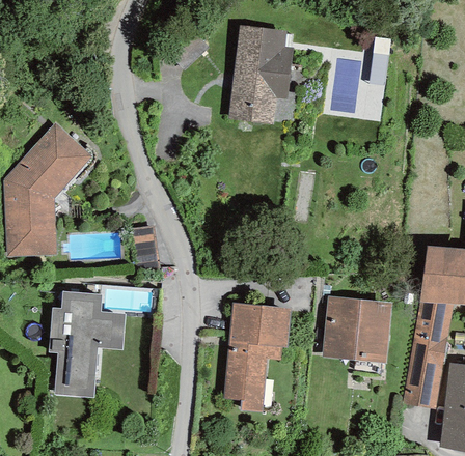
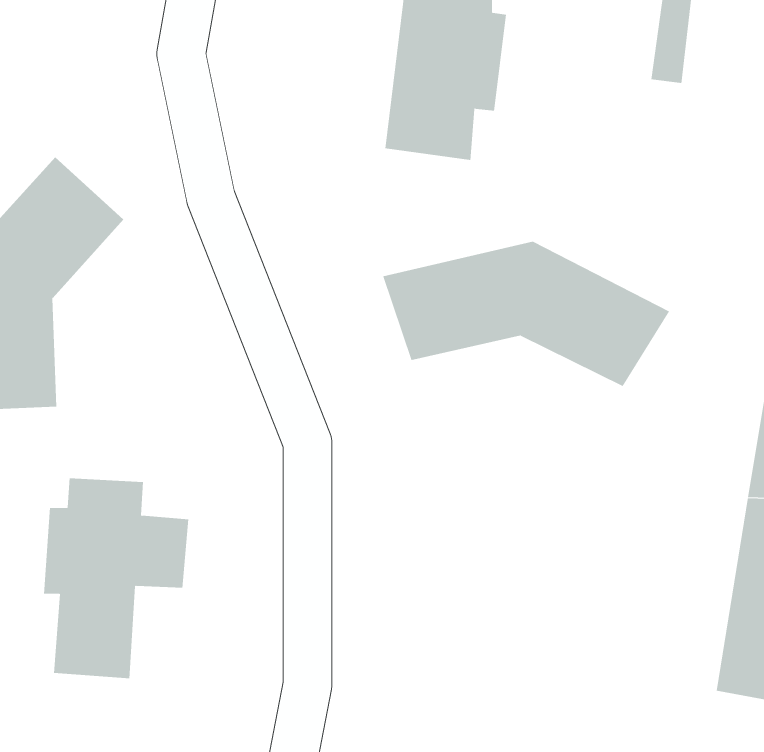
building: none -> [382,241,670,387]
building: [323,296,391,364] -> none
building: [224,304,291,412] -> none

